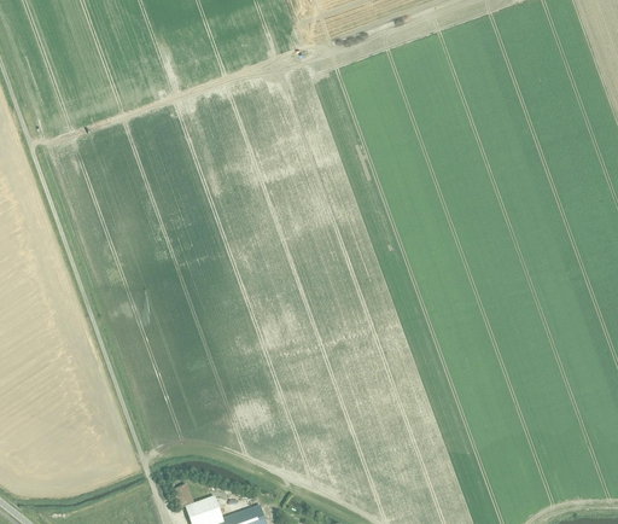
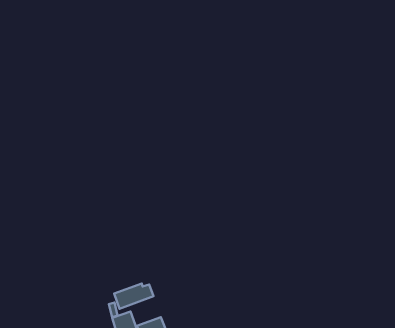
building: none -> [114,283,153,309]

